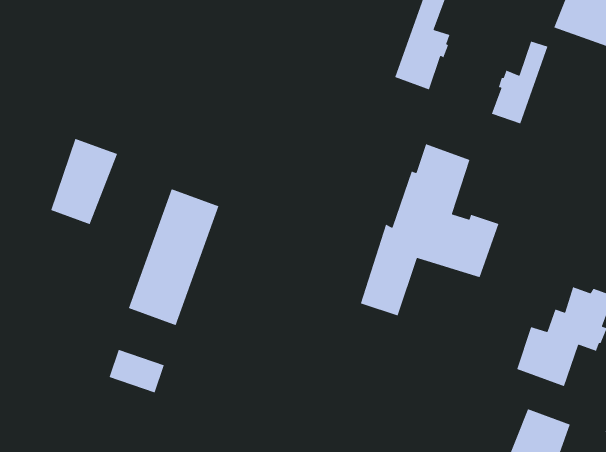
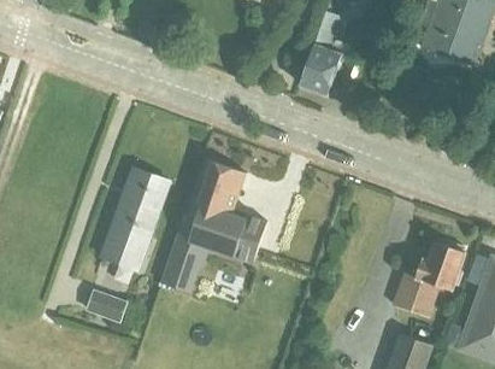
building: [491,40,549,125] -> none
building: [50,138,118,225] -> none
building: [360,143,499,317] -> [161,160,266,291]

